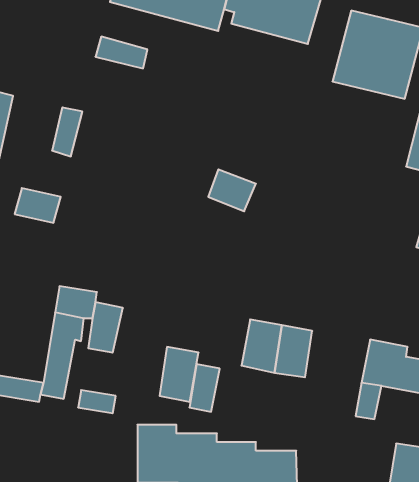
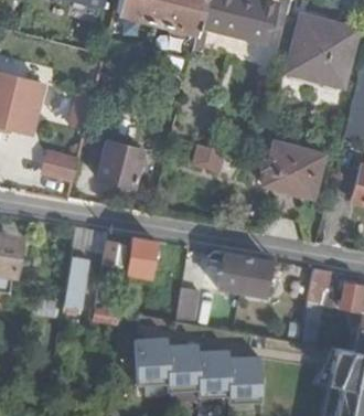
building: none -> [97,141,143,186]
building: none -> [263,143,322,199]
building: [160,347,199,402] -> [127,238,157,280]

